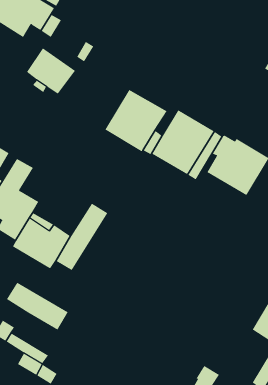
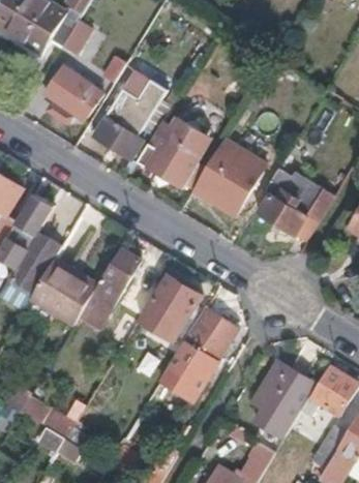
building: none -> [92,80,164,158]
building: none -> [136,273,202,344]
building: none -> [159,307,237,400]
building: [6,282,68,331] -> none
building: none -> [251,362,316,435]

